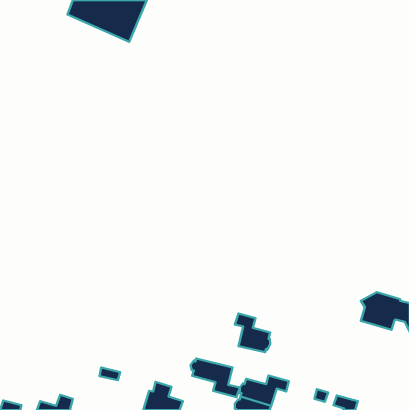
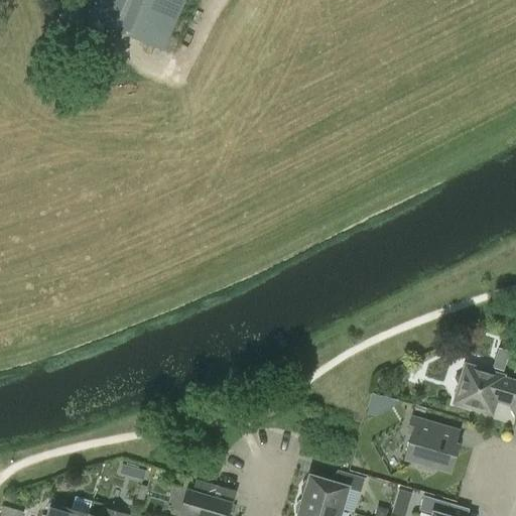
building: [235,313,270,352] -> none
building: none -> [406,418,458,473]
building: [191,358,240,397] -> none

